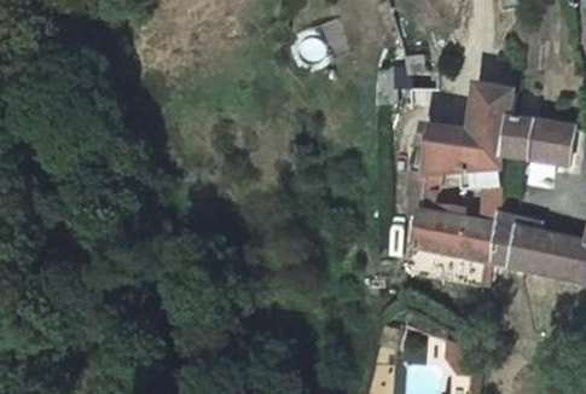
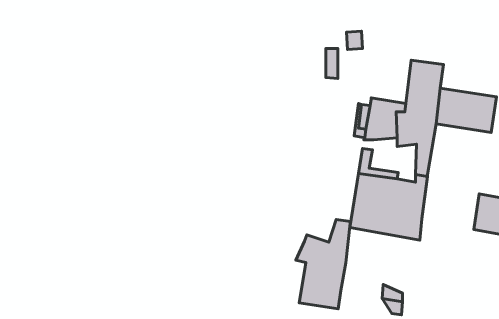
building: [491,212,555,273] -> none
building: none -> [296,220,351,309]

